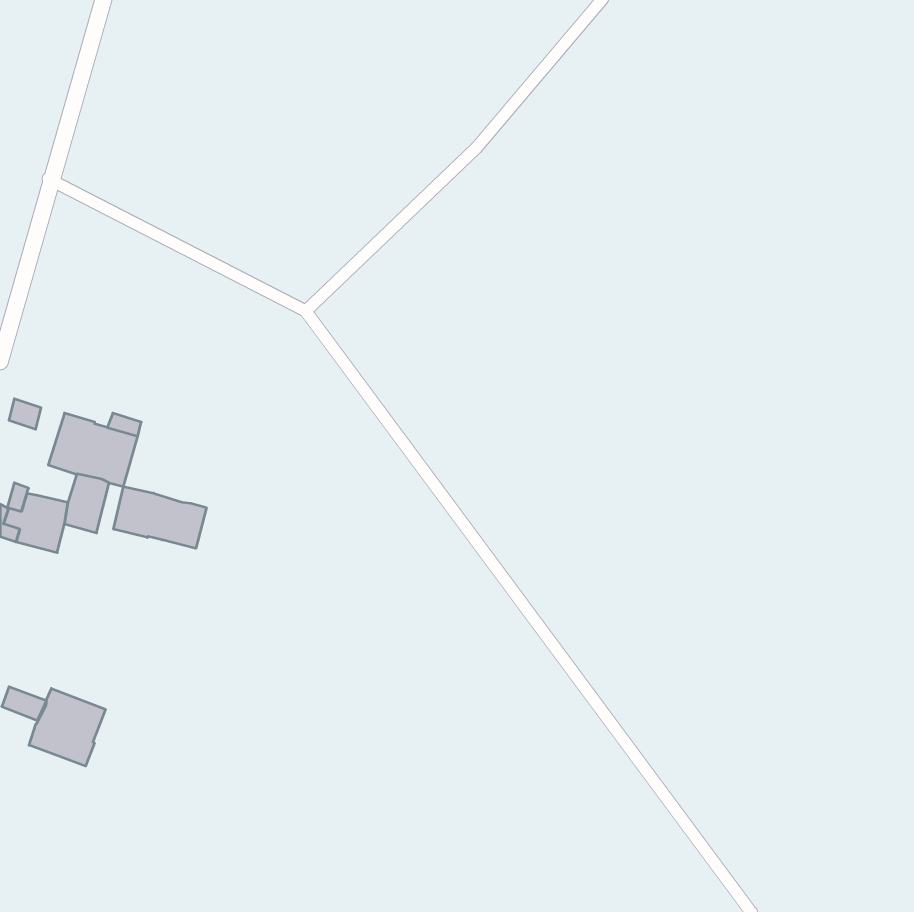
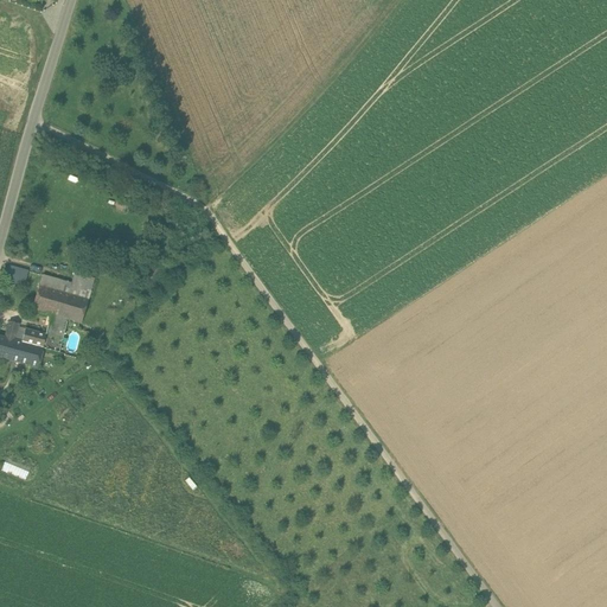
building: [114,486,206,548] -> none
building: [29,688,105,766] -> none

